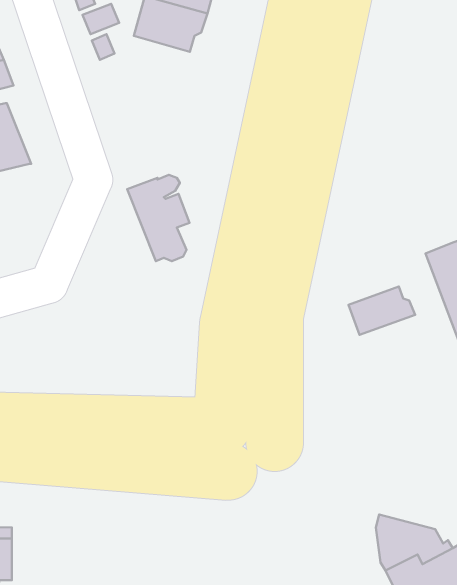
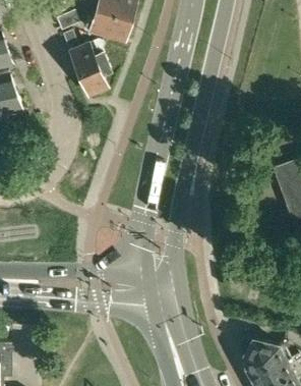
building: [127,175,190,261] -> [71,44,111,99]
building: [349,287,415,335] -> none

